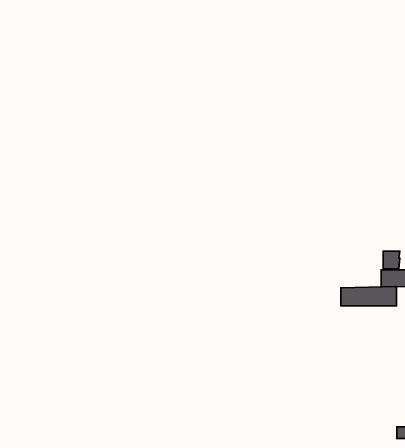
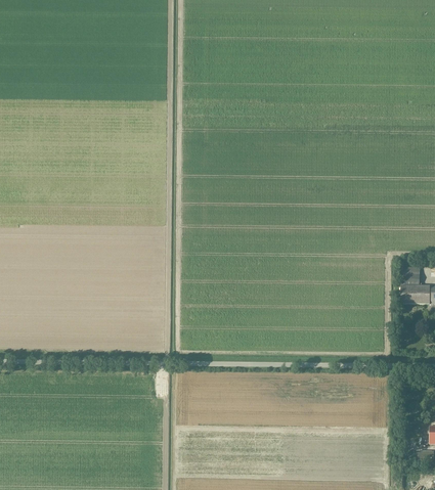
building: [341,287,396,306] -> none

